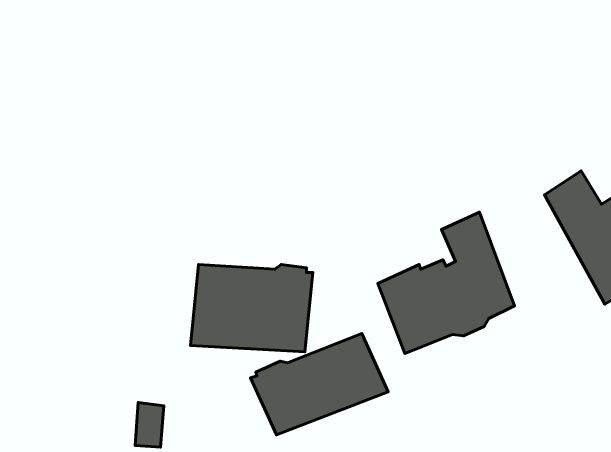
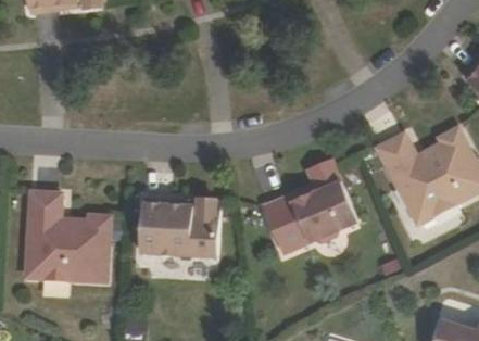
building: none -> [37,193,121,285]
building: [251,334,388,435] -> none

